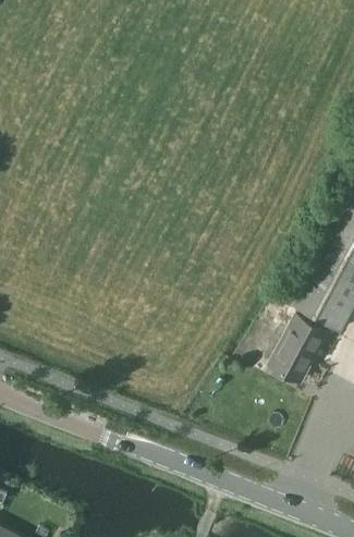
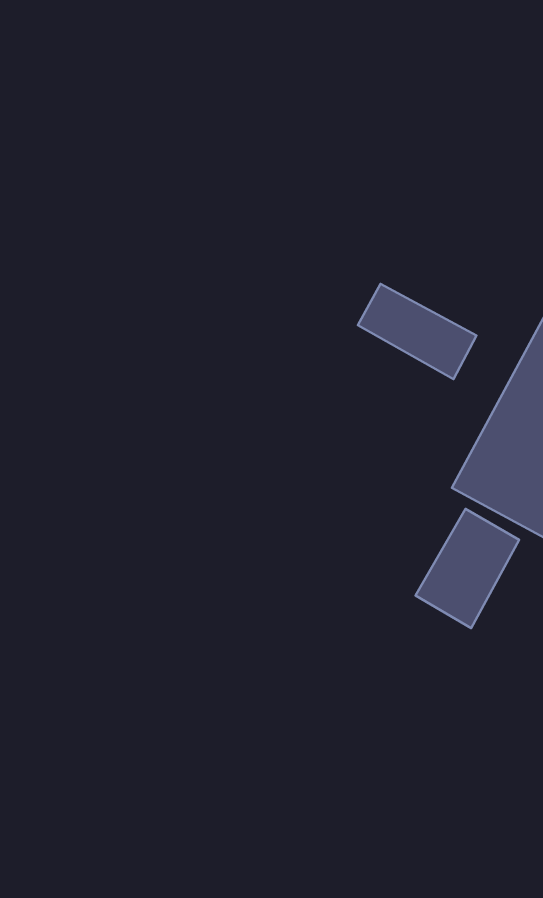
building: none -> [358,284,476,379]

